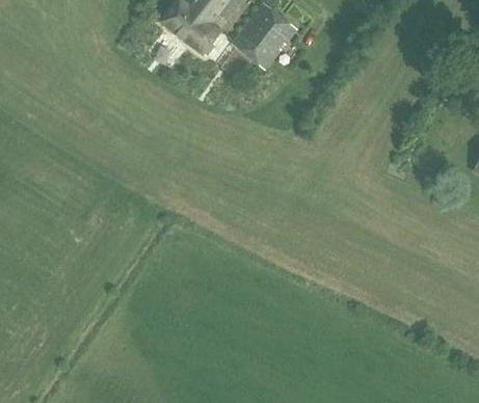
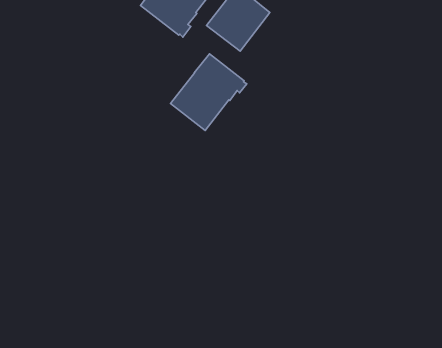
building: none -> [171,54,247,131]

